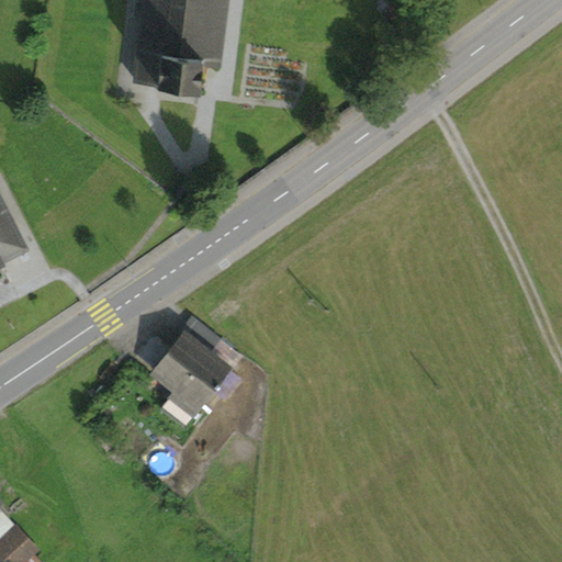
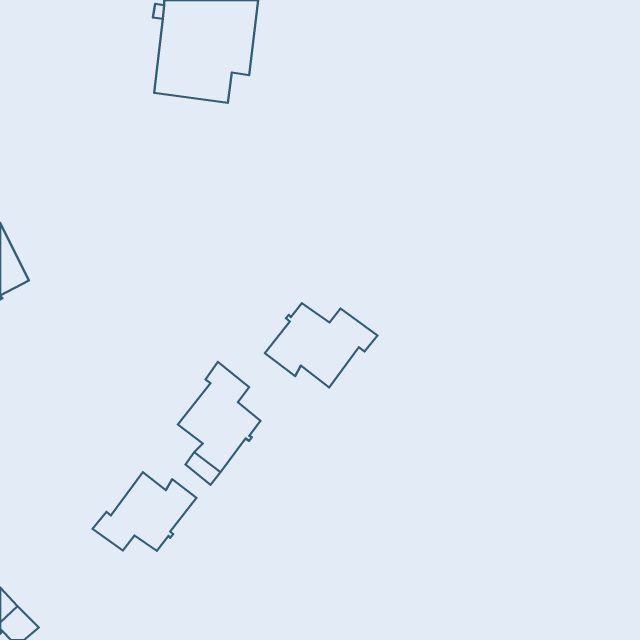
building: none -> [265,303,378,388]
building: none -> [93,472,197,551]

